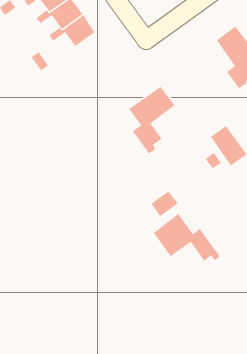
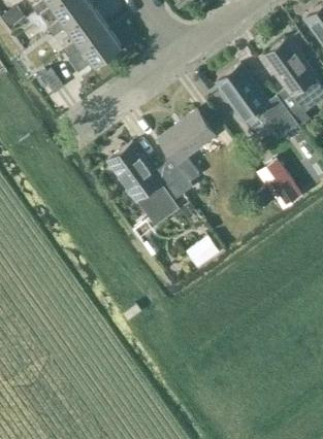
building: none -> [217,66,292,130]
building: none -> [108,144,184,218]
building: [153,213,221,262] -> none

